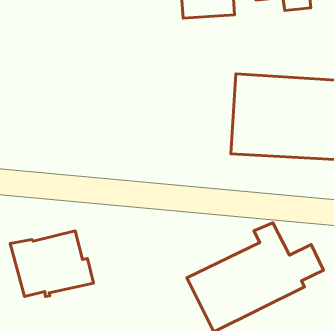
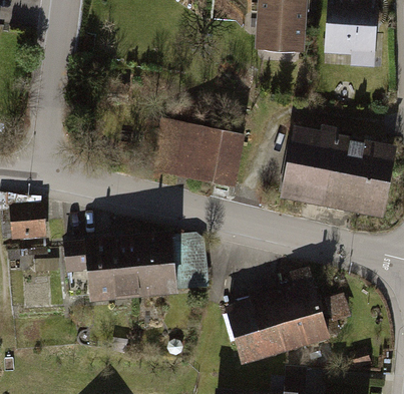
building: none -> [154,118,250,186]
building: none -> [121,241,199,299]

